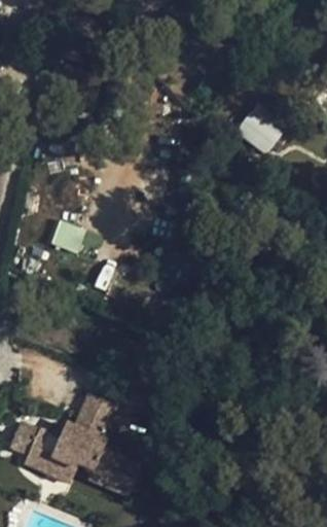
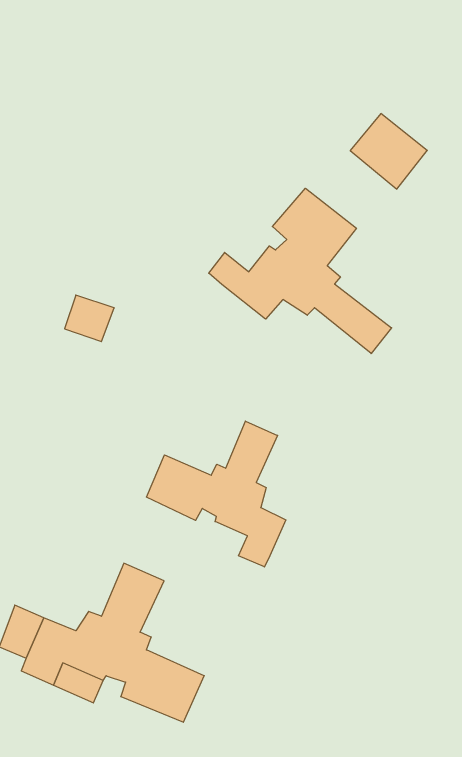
building: none -> [209,188,392,354]
building: none -> [146,421,286,567]

